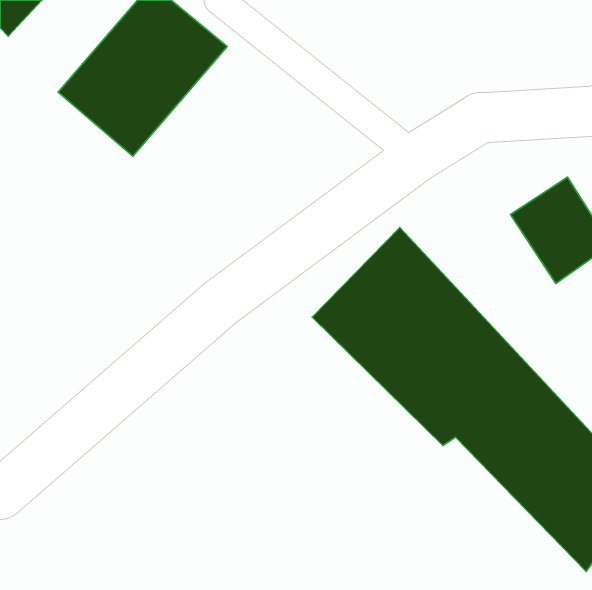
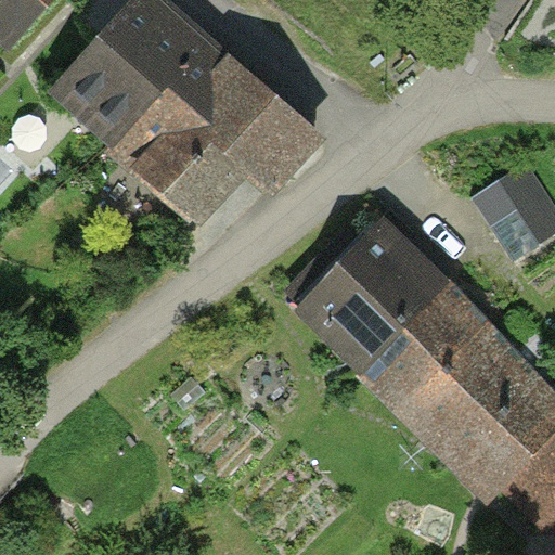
building: none -> [127,49,320,218]

